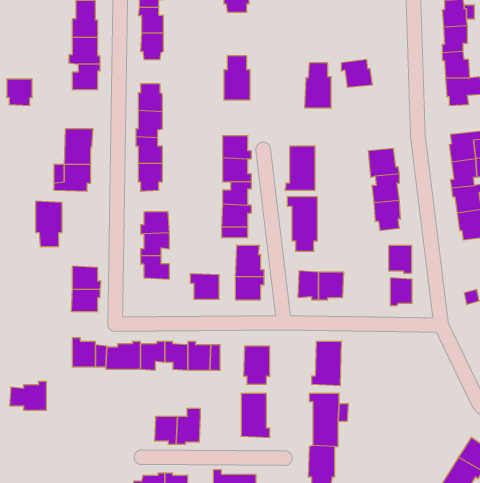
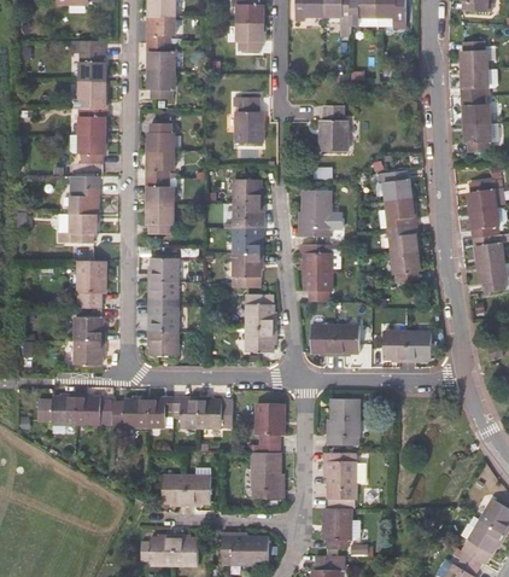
building: [341,60,373,87] -> [379,169,411,198]
building: [7,79,32,106] -> [76,134,103,162]
building: [36,201,62,246] -> [78,262,106,309]
building: [389,245,412,273] -> [384,331,408,360]
building: [190,274,219,299] -> [147,331,177,357]
building: [10,381,47,410] -> [37,394,76,424]

